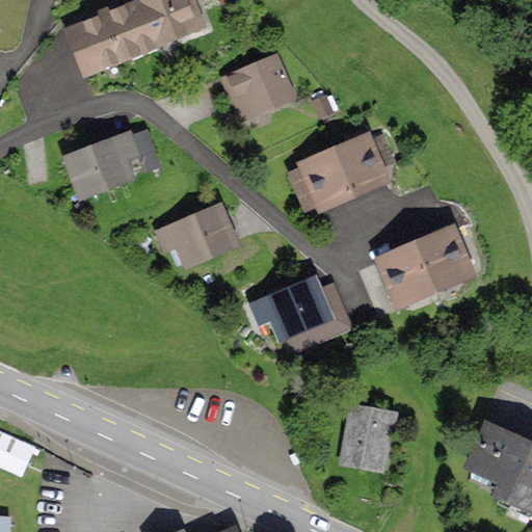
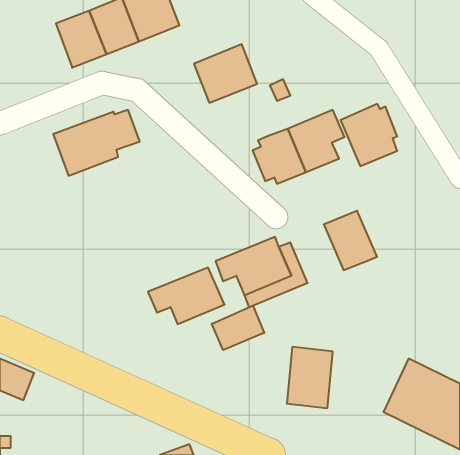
building: [153,201,241,266] -> [148,268,225,324]
building: [411,224,477,296] -> [340,104,397,166]
building: none -> [212,306,264,350]

